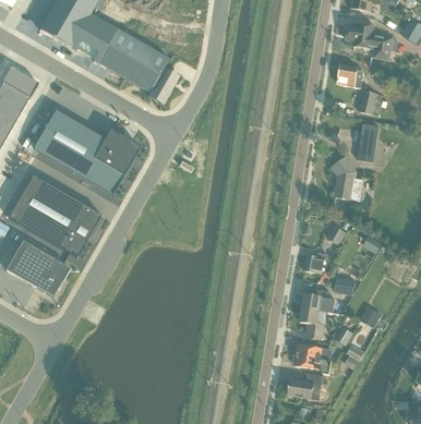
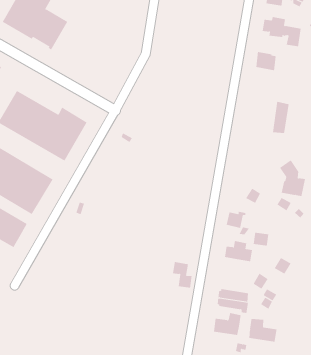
building: [97,28,179,104] -> none
building: [358,88,382,113] -> none
building: [332,156,363,199] -> [279,159,306,196]
building: [299,306,323,338] -> [172,262,193,288]
building: none -> [249,318,277,342]

